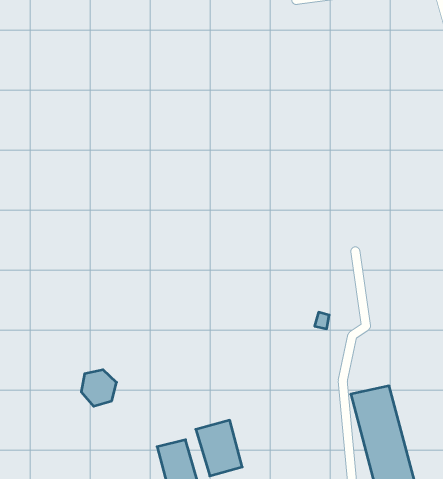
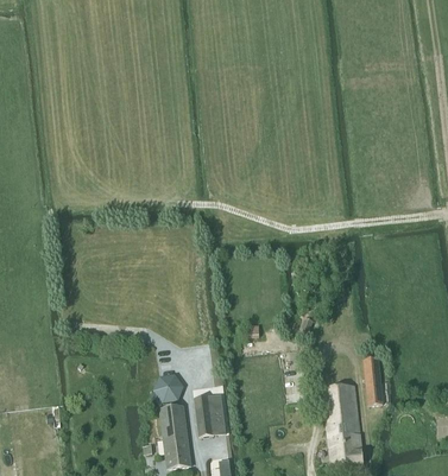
building: none -> [362,356,383,404]
building: [81,370,117,406] -> [154,373,184,401]

